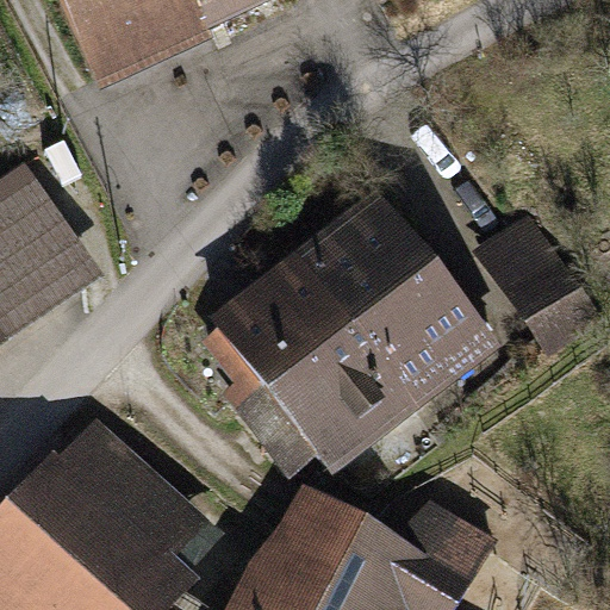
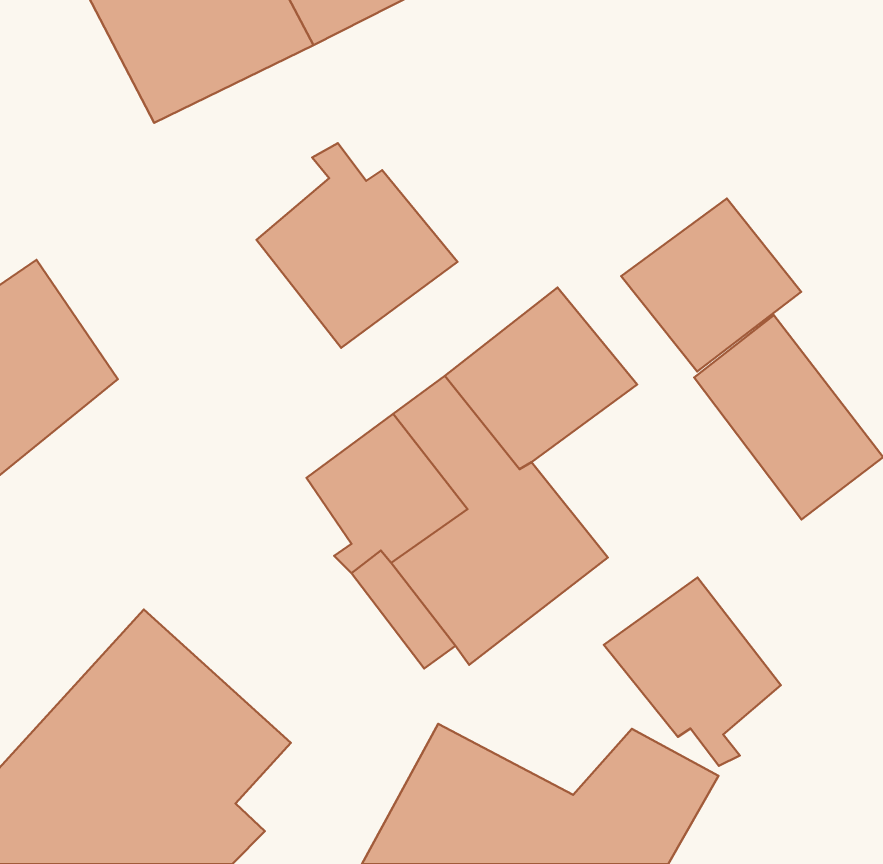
building: none -> [257,143,457,348]
building: [366,264,490,384] -> [621,198,801,372]
building: none -> [604,578,781,766]

